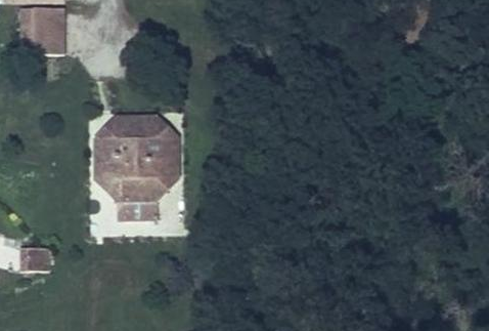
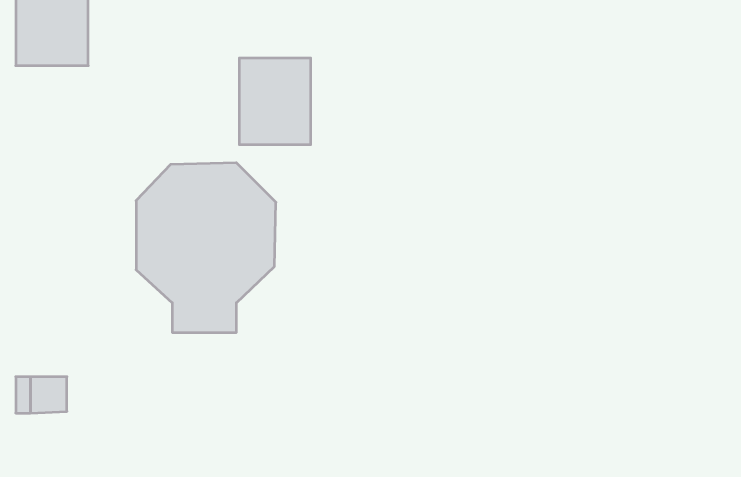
building: none -> [239,58,311,145]

